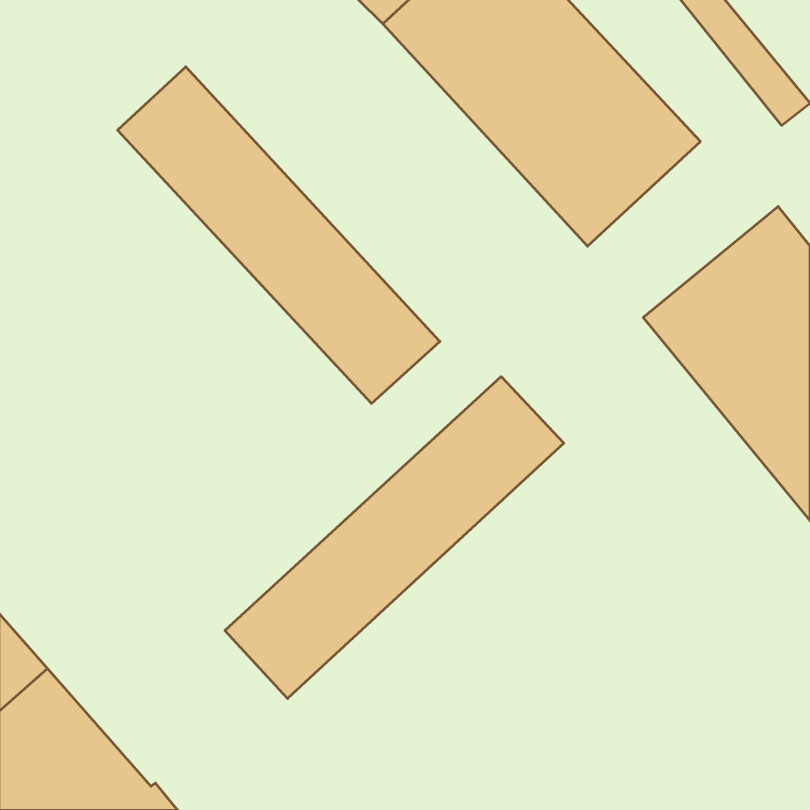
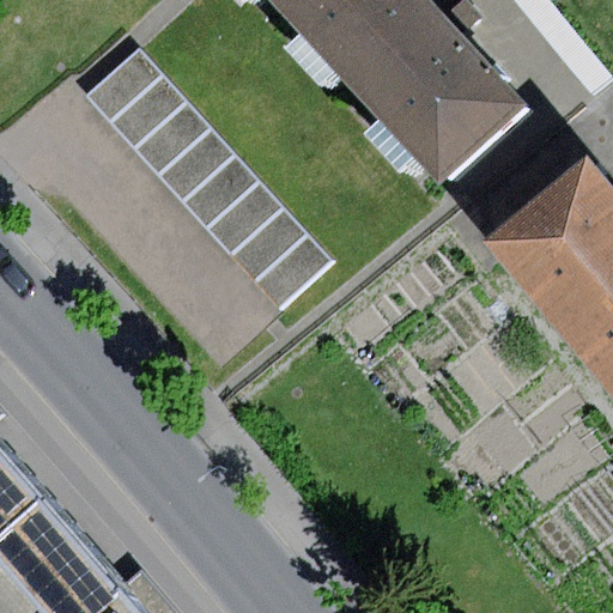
building: [225,377,564,699] -> none

